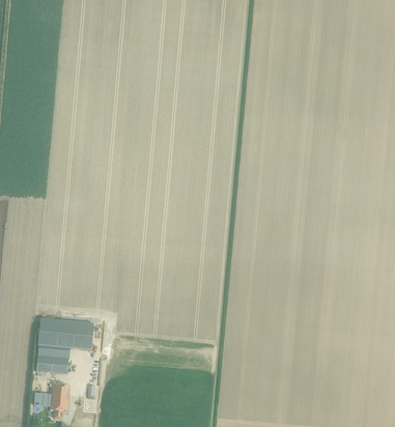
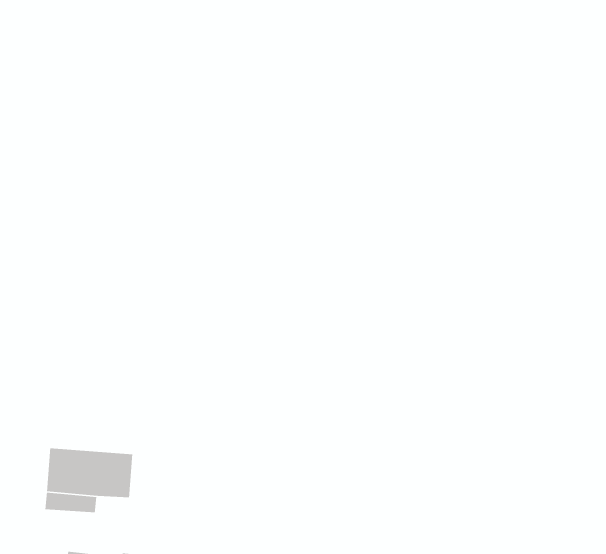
building: [36,357,69,375] -> none

